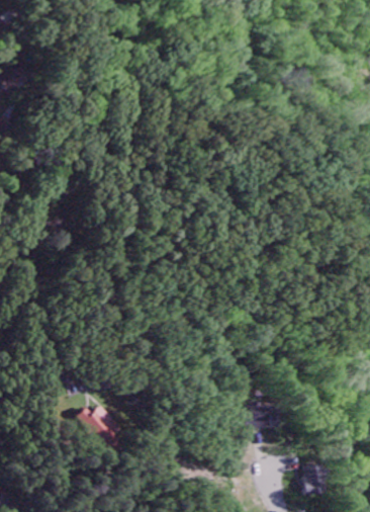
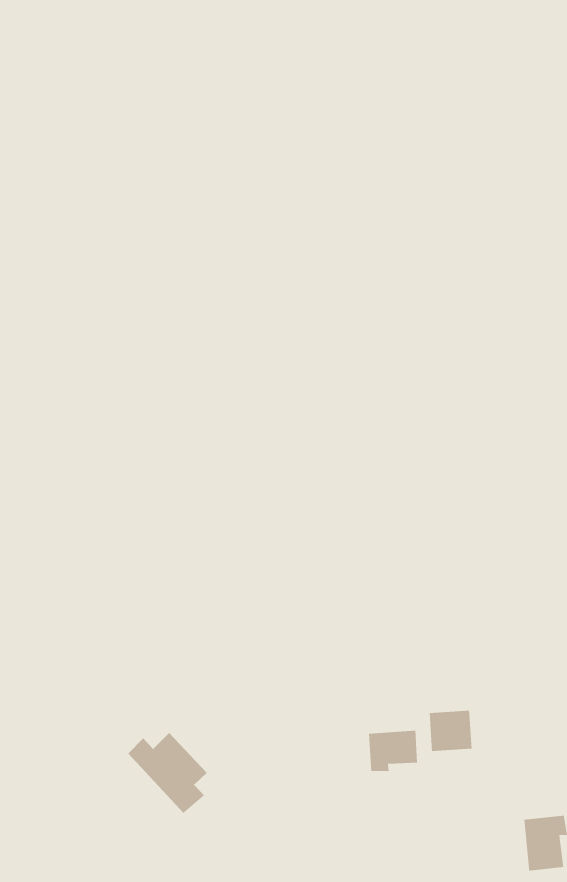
building: none -> [368,730,418,772]

